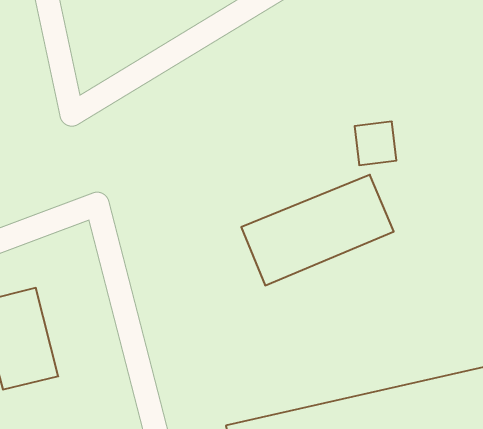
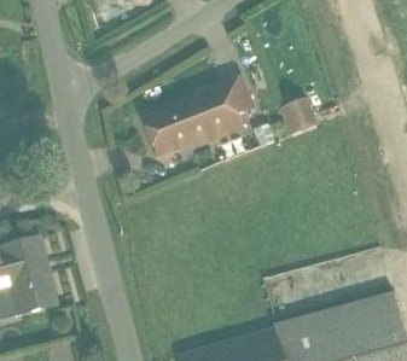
building: [241,175,394,285] -> [133,71,256,161]

